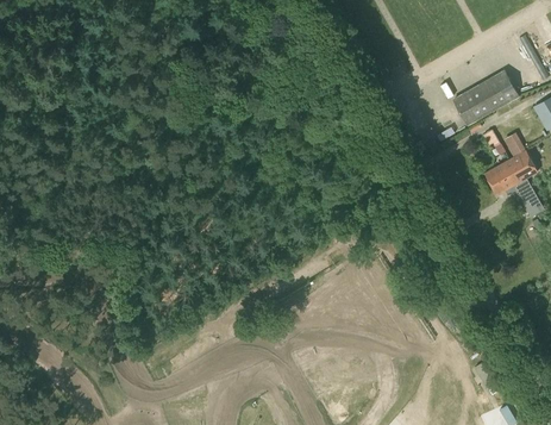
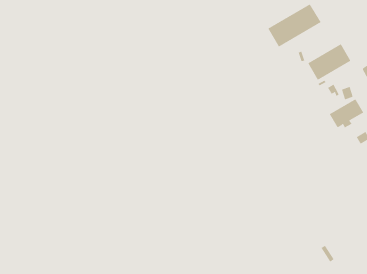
building: none -> [267,3,321,47]

